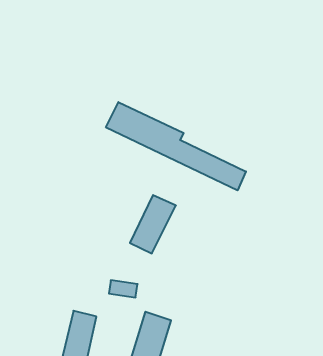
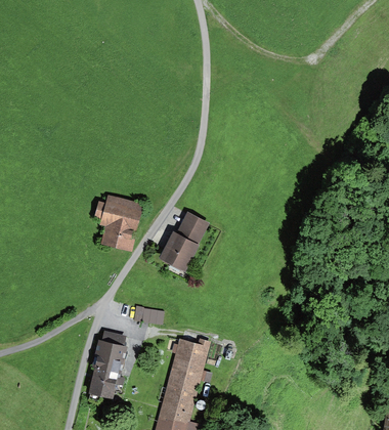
building: [106,102,246,190] -> none
building: none -> [97,195,144,252]

